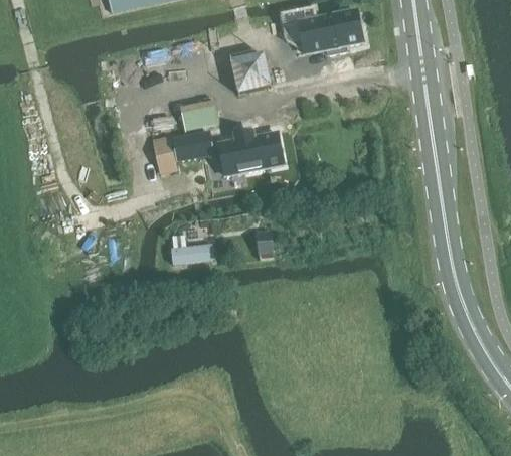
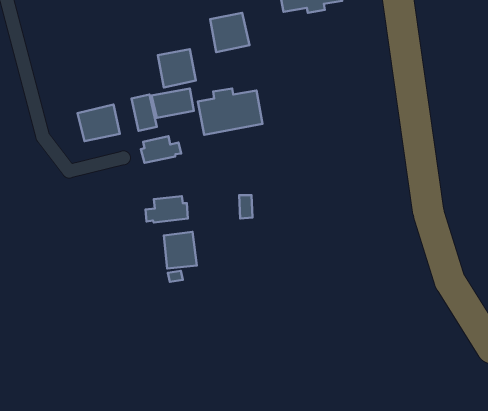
building: none -> [77,104,120,141]
building: none -> [141,136,181,163]
building: none -> [164,232,197,269]

